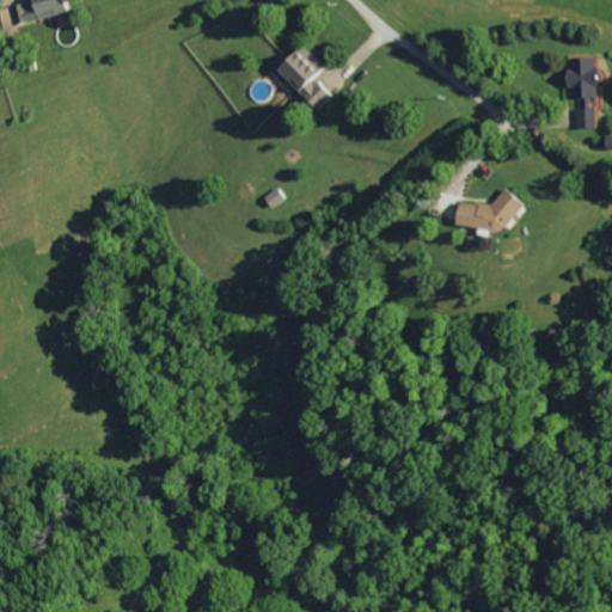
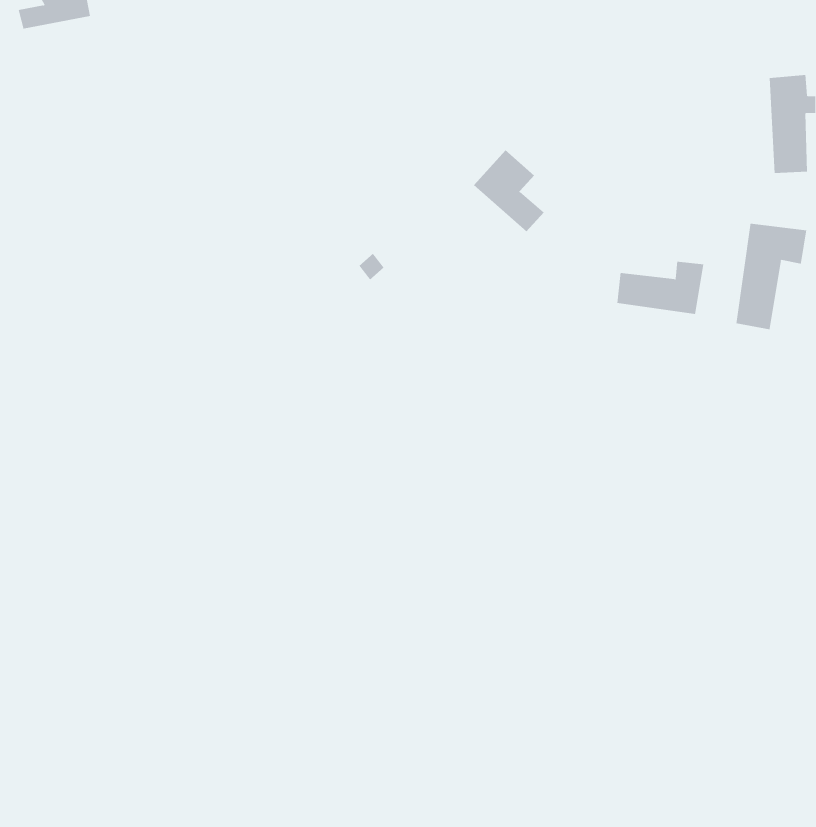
building: [280,47,332,108] -> [473,149,544,232]
building: none -> [736,223,807,330]

